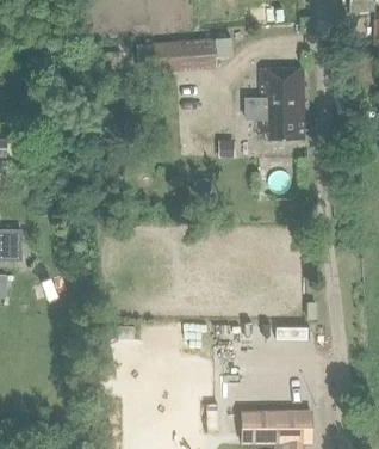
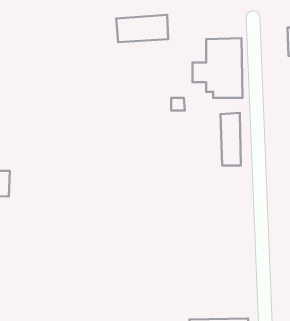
building: none -> [221,113,241,165]

